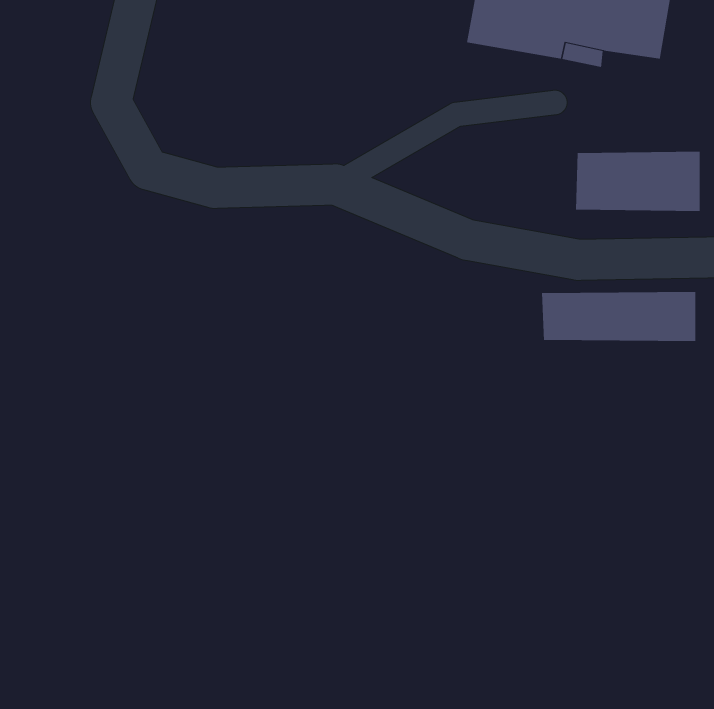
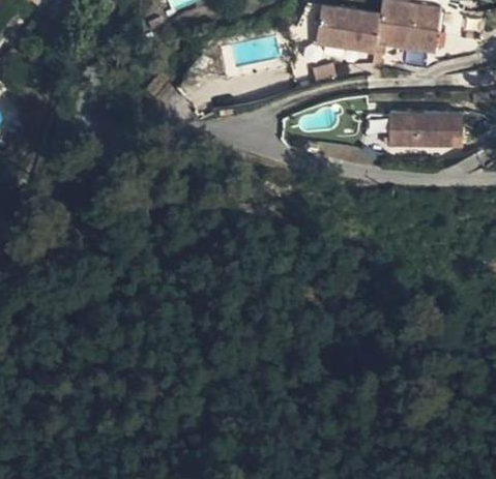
building: [542,291,696,342] -> none

